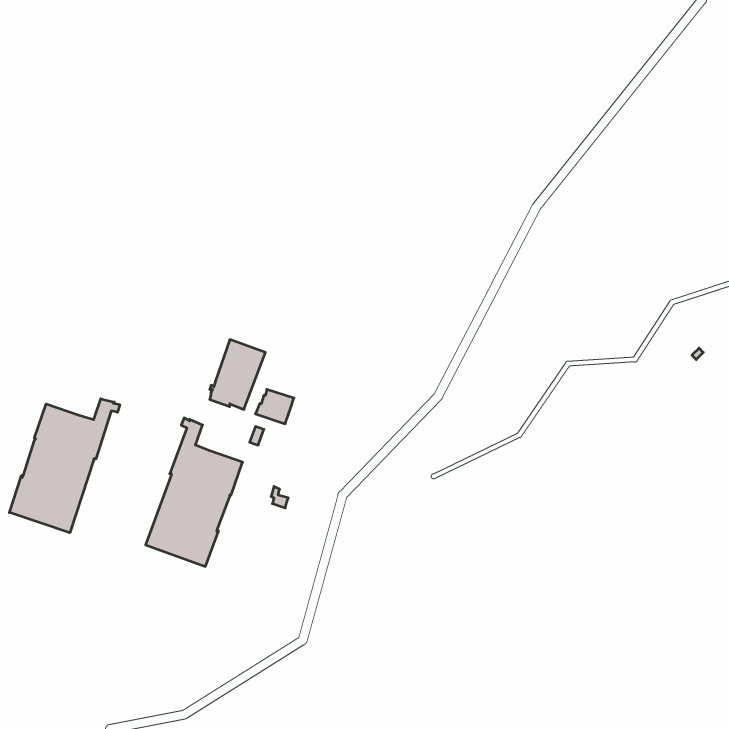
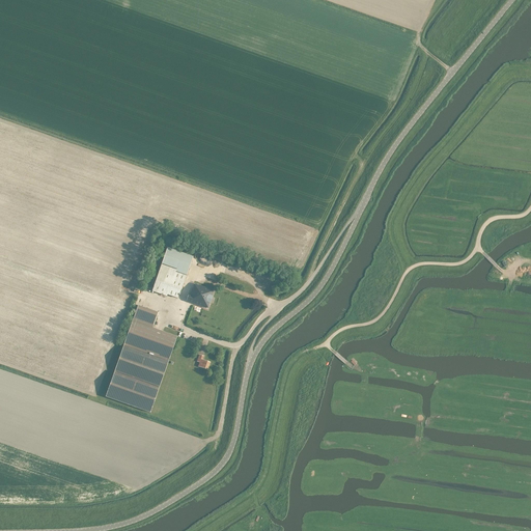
building: [9,399,120,533] -> none

